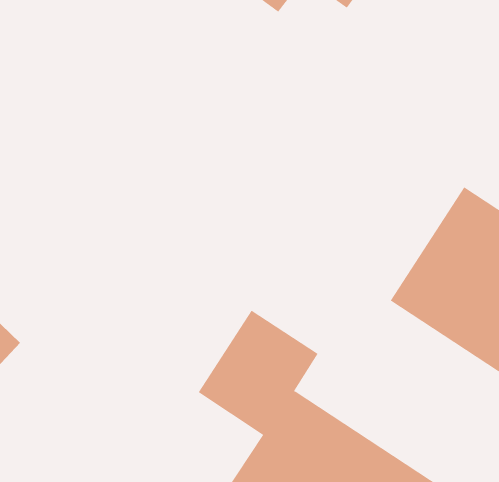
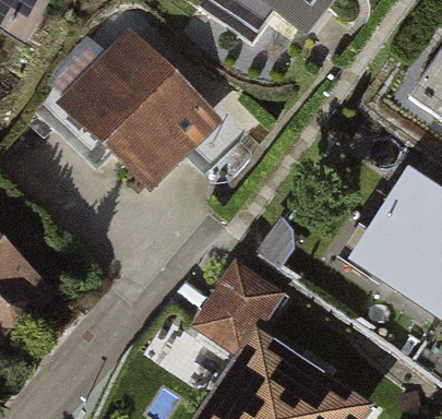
building: none -> [58,36,208,176]

